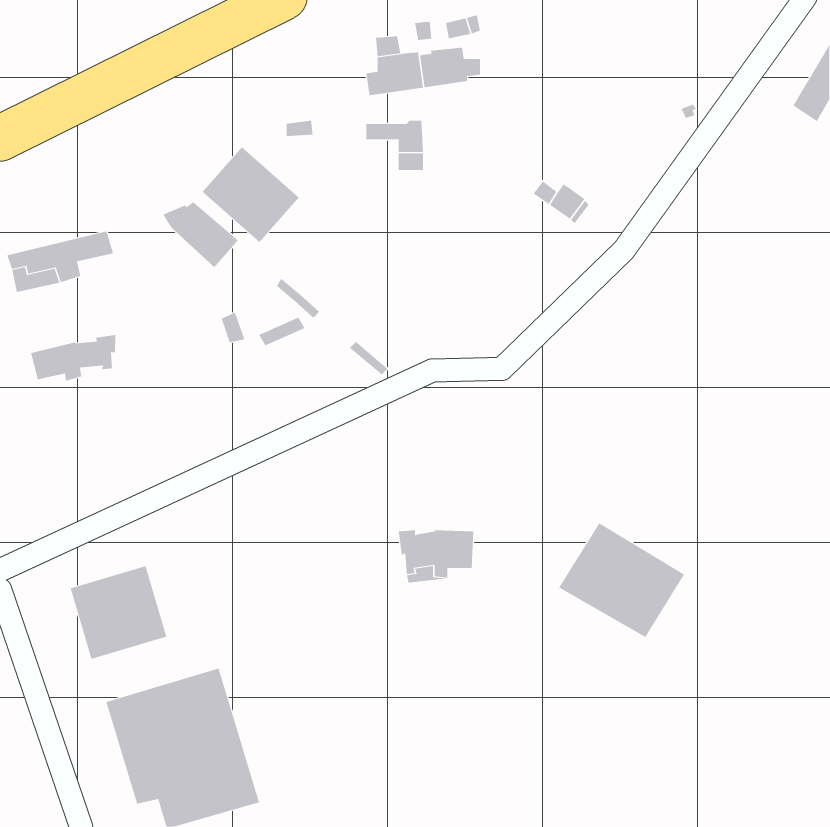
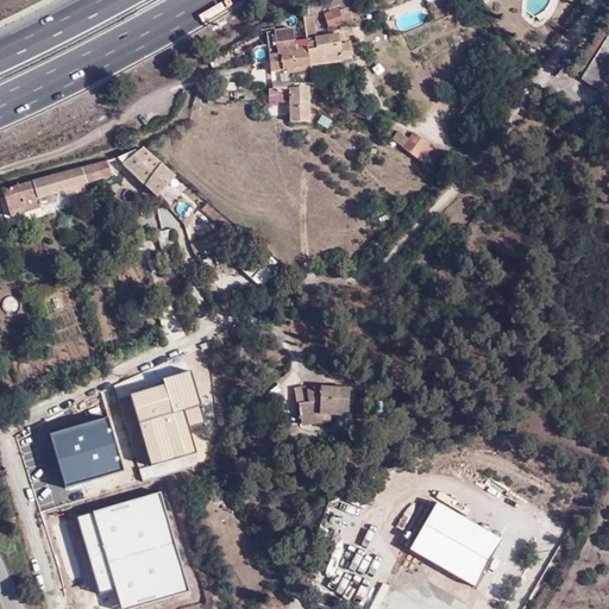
building: [202,146,299,243] -> none
building: none -> [79,161,112,186]
building: [31,334,116,382] -> none
building: none -> [131,370,203,460]
building: [558,522,685,638] -> [409,500,502,584]

